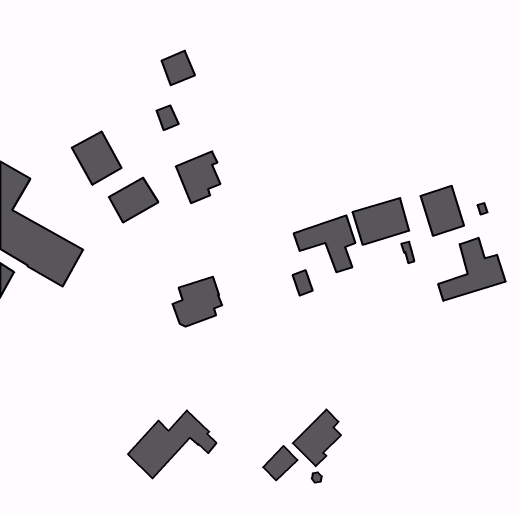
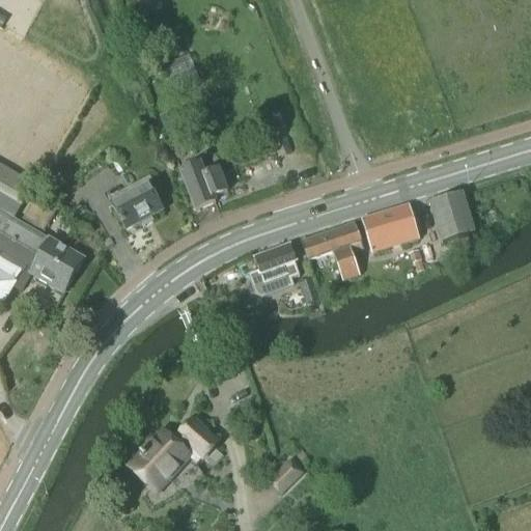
building: [72,131,122,185] -> none
building: [438,238,506,301] -> none
building: [172,277,222,326] -> [248,243,299,294]
building: [293,409,341,466] -> none

